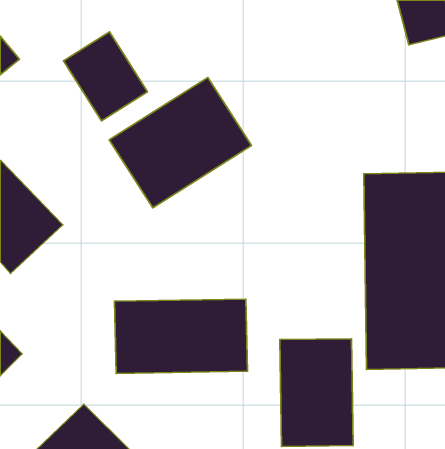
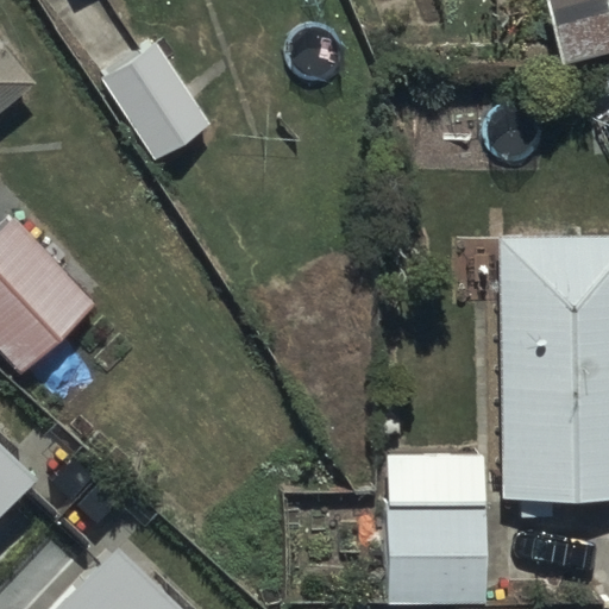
building: [109,77,251,208] -> none
building: [115,299,247,373] -> none

